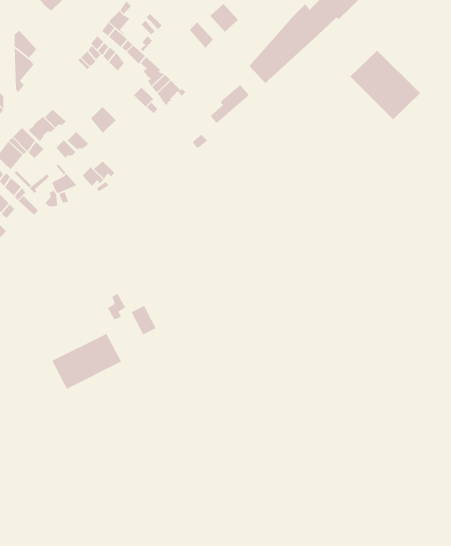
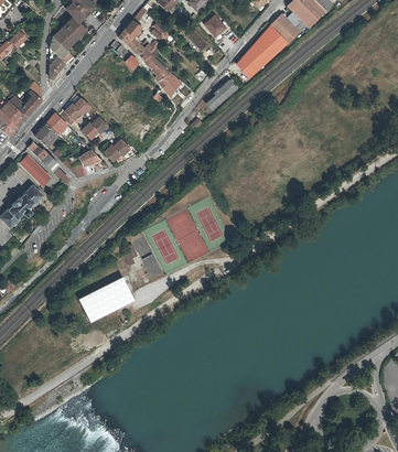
building: none -> [53,17,86,47]
building: [349,50,421,120] -> none

